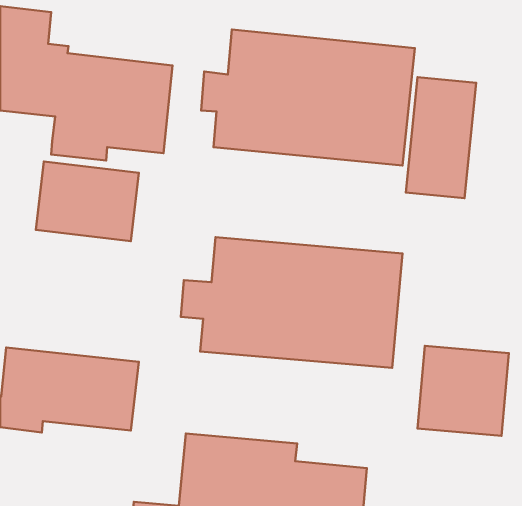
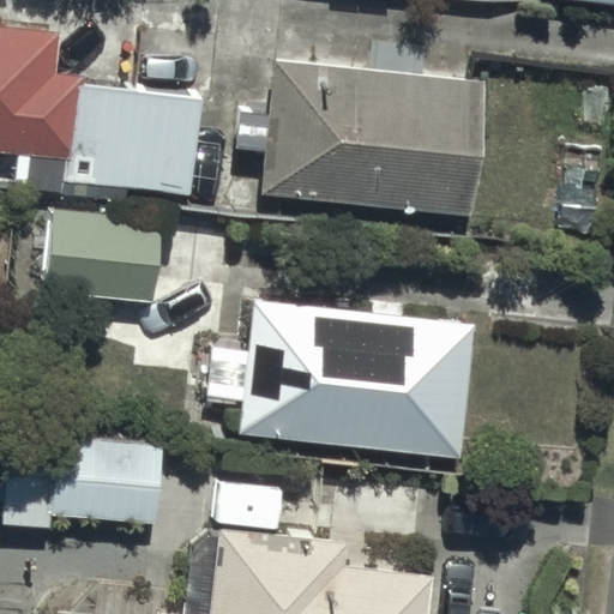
building: [406,77,476,198] -> none
building: [418,346,509,436] -> none

